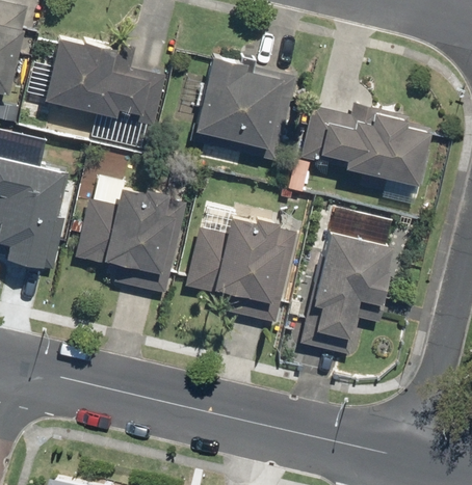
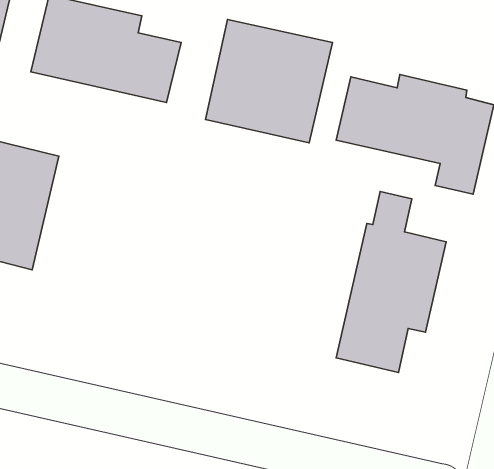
building: [75,173,183,294] -> none
building: [185,207,296,324] -> none

